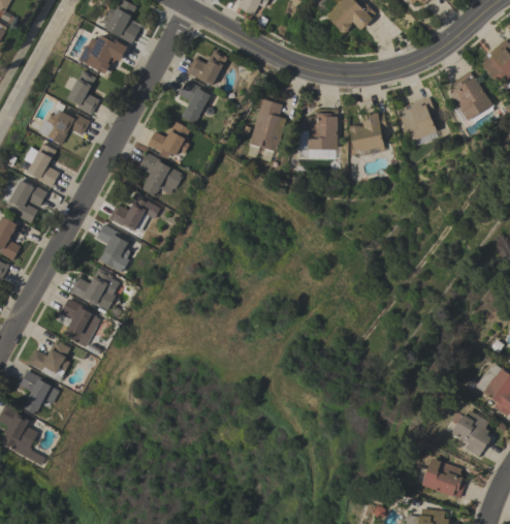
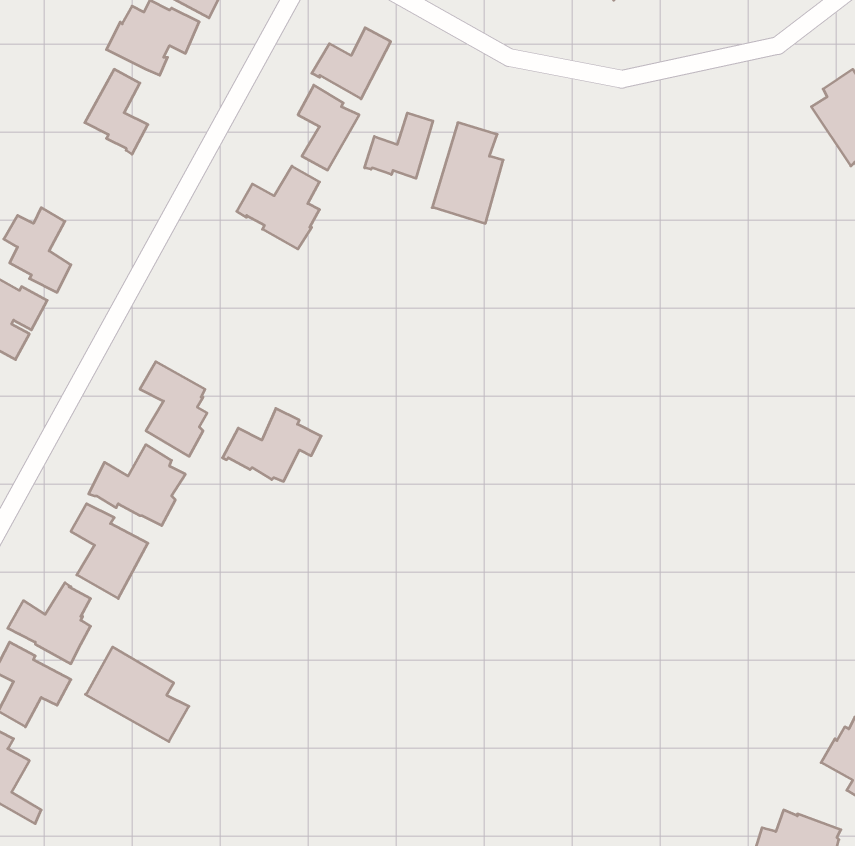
building: none -> [365,113,433,178]
building: [399,96,437,141] -> none
building: [39,101,91,144] -> none
building: [308,109,338,150] -> none
building: [349,112,386,151] -> none
building: [138,152,183,195] -> none
building: [108,193,160,232] -> [222,408,321,481]
building: none -> [85,647,189,742]

